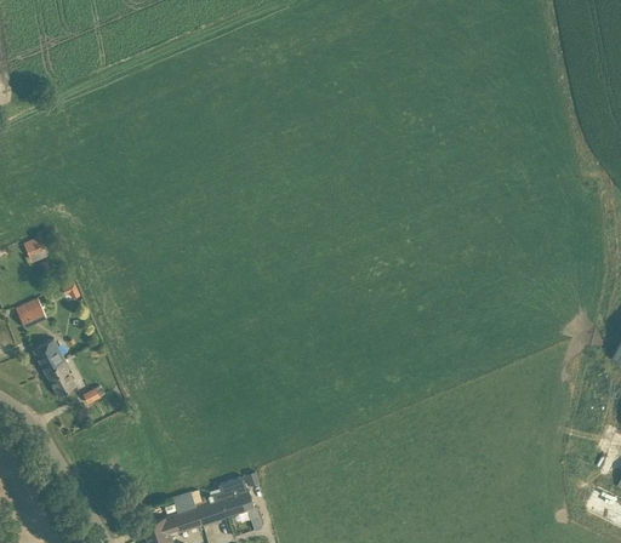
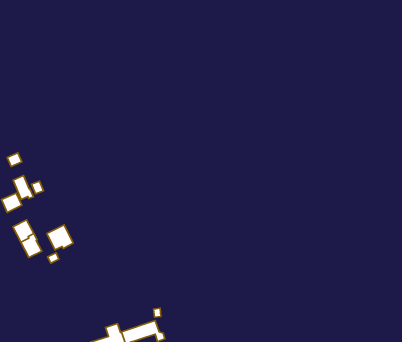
building: none -> [13,176,33,199]
building: none -> [47,225,73,250]

